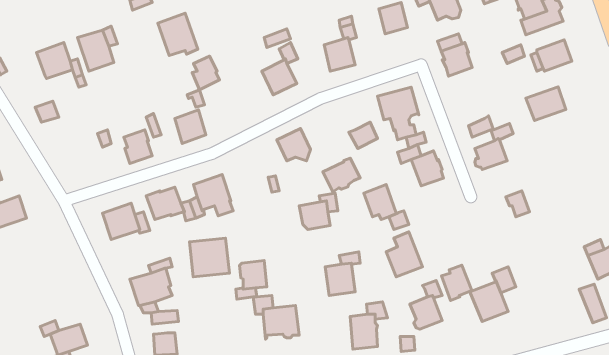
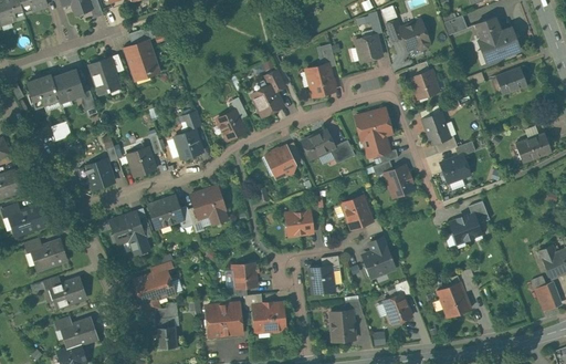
building: [158,13,198,55] -> [124,40,159,77]
building: none -> [27,75,60,107]
building: [192,56,220,90] -> [220,111,244,141]
building: [526,87,566,121] -> [516,133,552,163]
building: none -> [422,113,450,145]
building: none -> [87,160,114,189]
building: [323,158,360,192] -> [302,129,335,159]
building: none -> [450,215,481,243]
building: none -> [24,239,65,270]
building: [190,238,229,277] -> [207,303,242,337]
building: [441,265,472,300] -> none
building: none -> [43,277,84,308]

